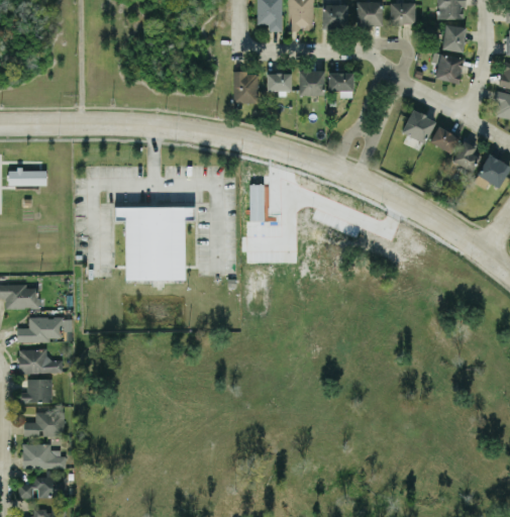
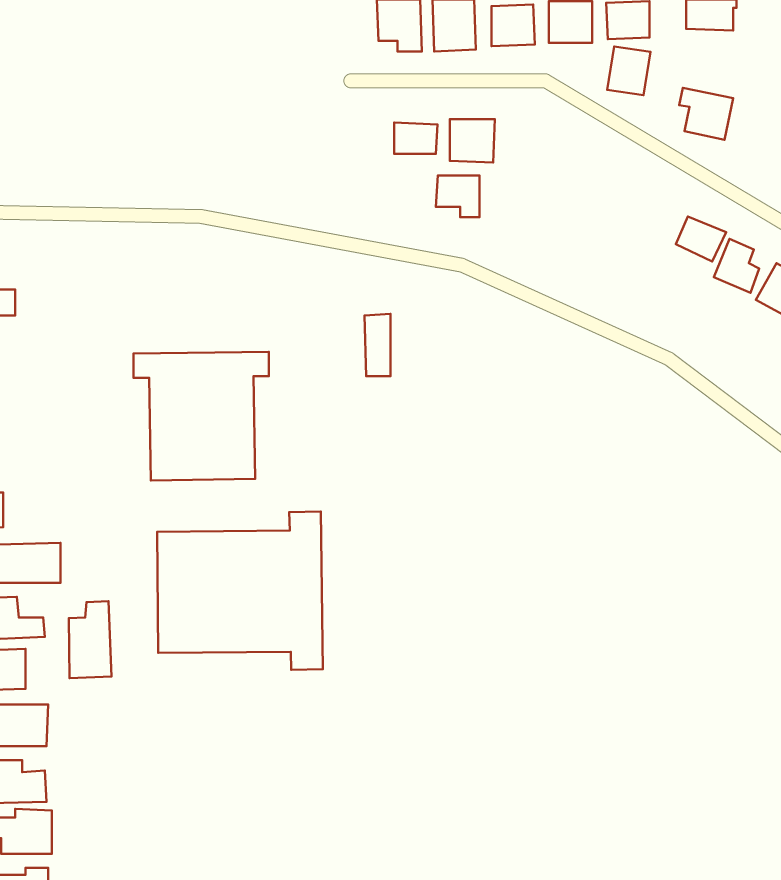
building: [441,24,467,53] -> [607,47,651,95]
building: [233,73,259,104] -> none
building: [328,73,353,97] -> [436,175,479,217]
building: [402,110,435,142] -> none
building: none -> [157,512,323,670]
building: none -> [69,601,112,678]

